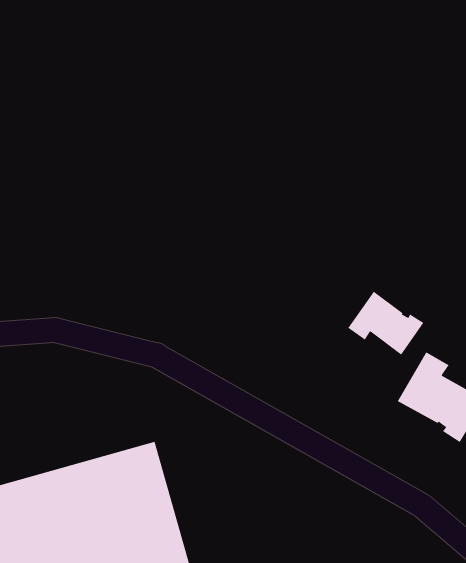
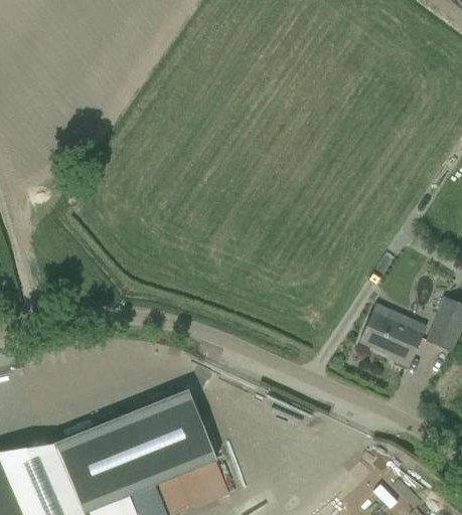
building: [347,291,424,355] -> none

